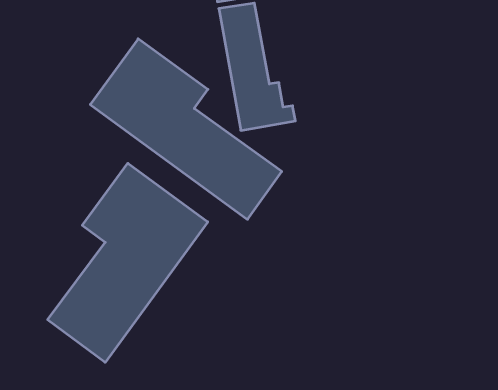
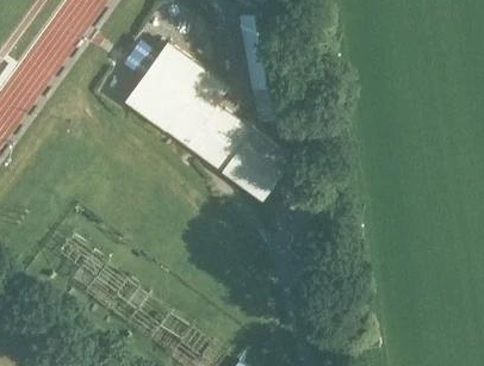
building: [48,163,208,362] -> none

